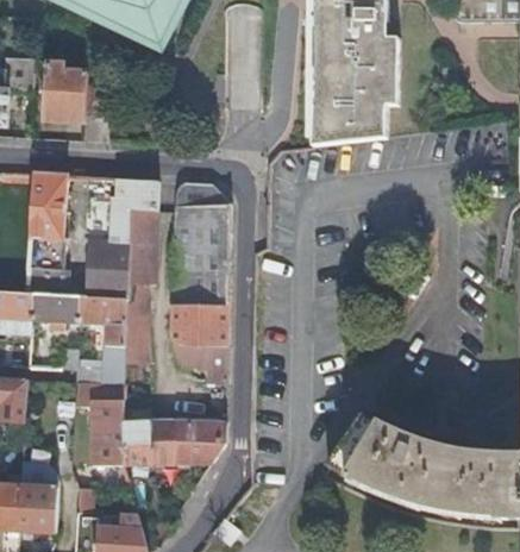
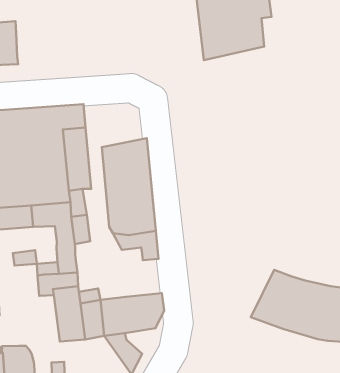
building: [174,183,231,237] -> none

